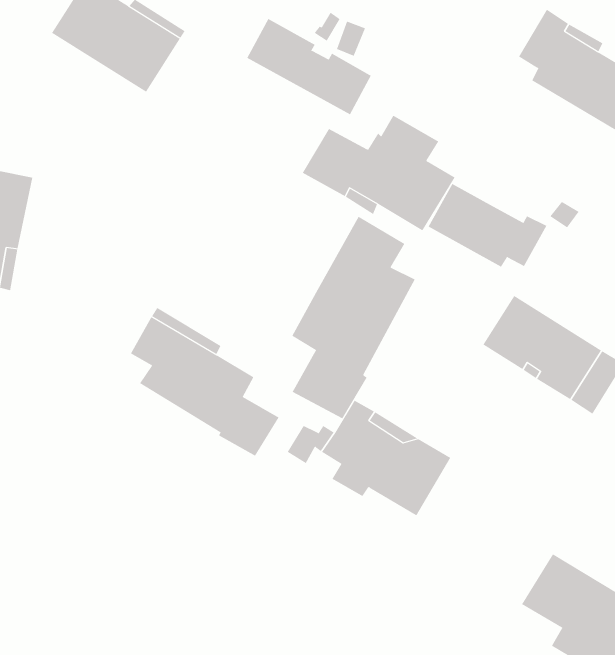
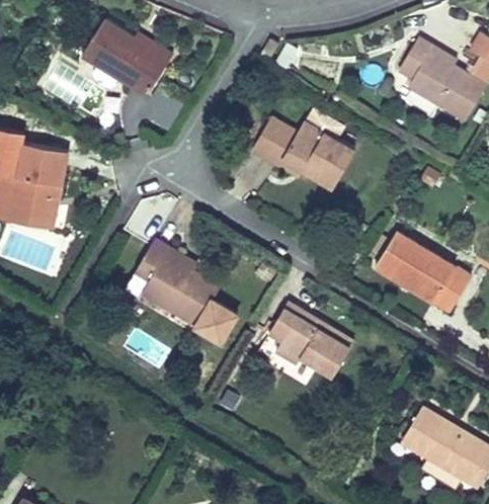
building: [247,18,372,115] -> none
building: [428,183,547,267] -> none
building: [292,216,416,419] -> none

